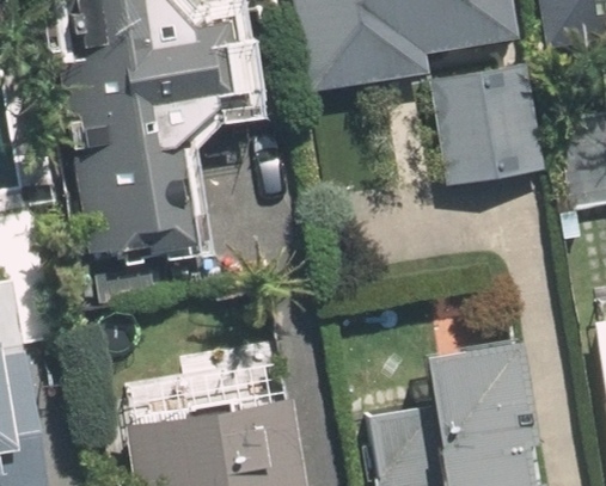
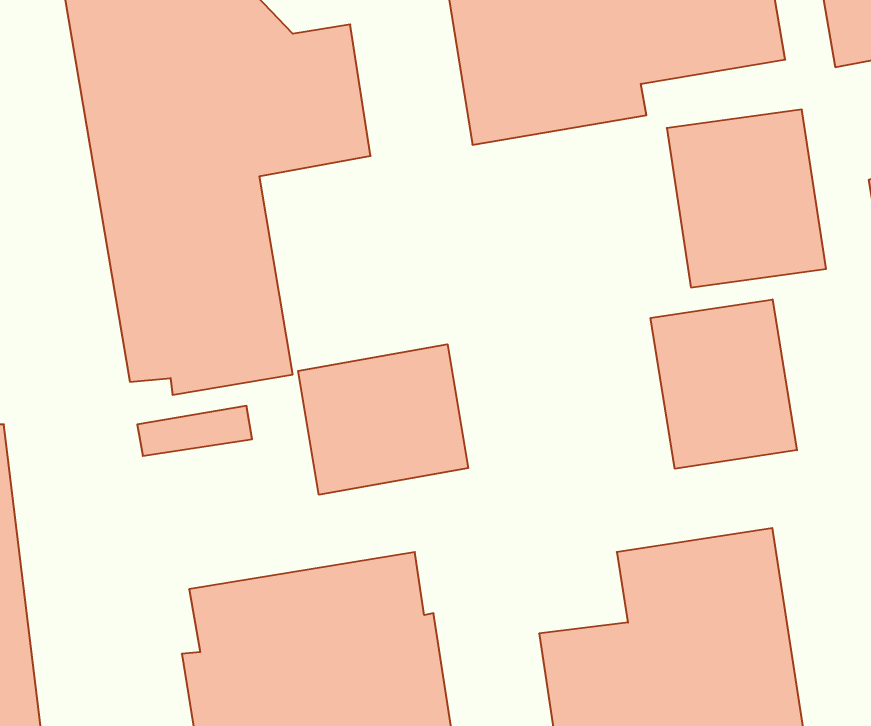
building: none -> [651,299,797,469]
building: none -> [298,344,468,495]

